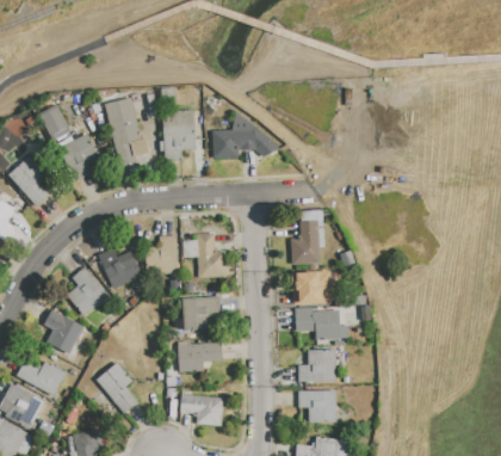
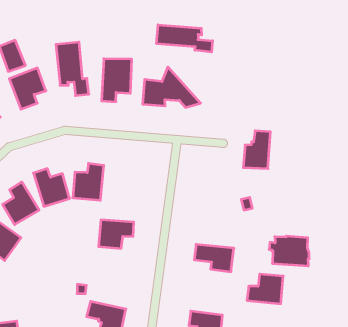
building: none -> [157,25,213,52]
building: [291,220,321,265] -> [243,131,270,169]
building: [198,233,228,278] -> none
building: [289,270,336,304] -> [269,236,309,266]
building: [178,341,223,371] -> none
building: [298,349,338,382] -> [247,274,283,304]
building: [95,362,138,413] -> none

